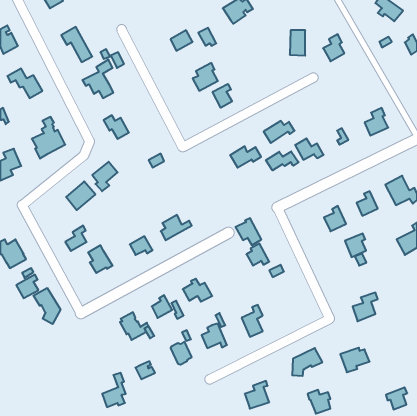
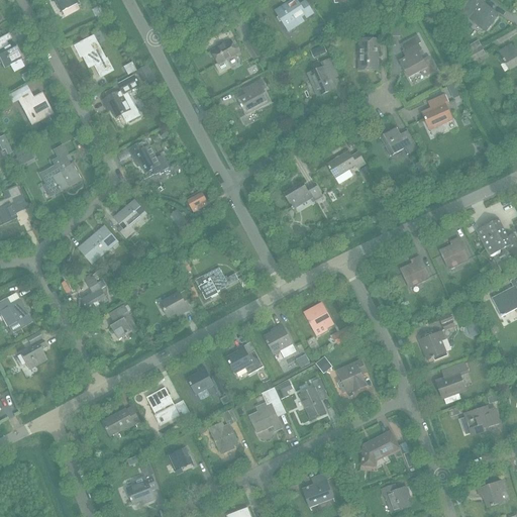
building: none -> [308,58,336,94]
building: [213,84,232,108] -> none
building: [365,108,388,136] -> [423,93,452,127]
building: [295,138,324,160] -> [382,127,417,153]
building: [266,151,299,170] -> none
building: [235,218,261,245] -> [264,323,296,356]
building: [345,233,366,257] -> [419,329,445,358]
building: [33,288,60,324] -> none
building: none -> [337,358,366,391]
building: none -> [102,405,139,434]
building: [340,348,370,372] -> [463,404,500,434]

